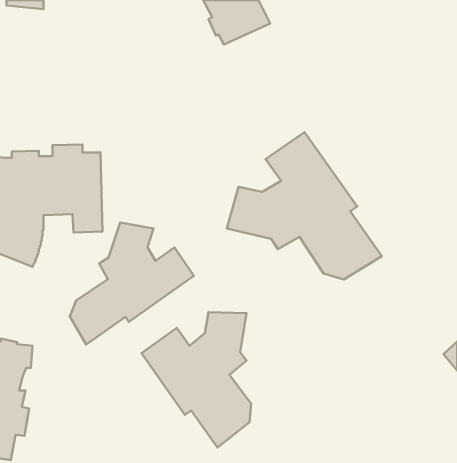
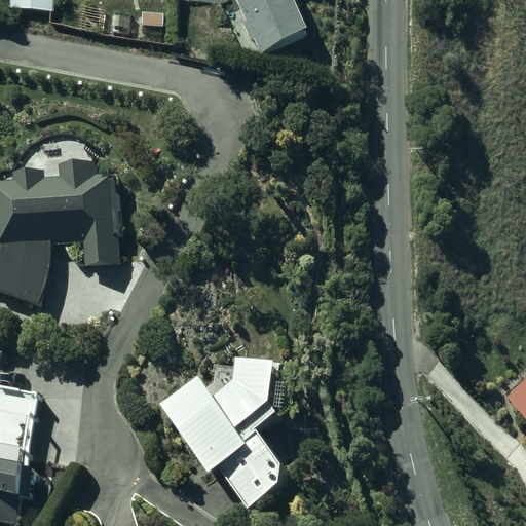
building: [227,132,382,279] -> none
building: [70,222,194,344] -> none

